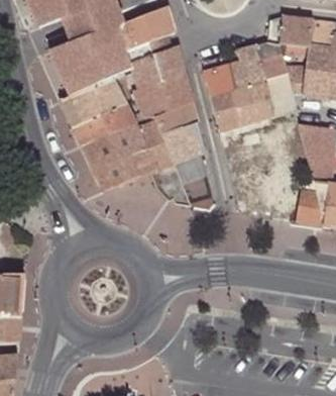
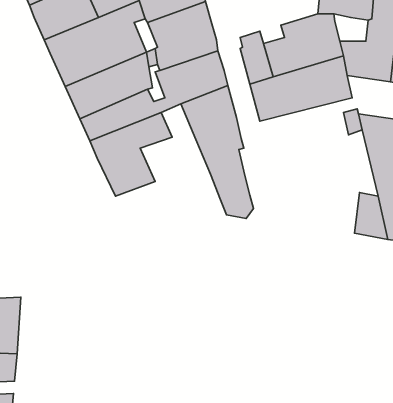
building: [121,114,192,205] -> none

